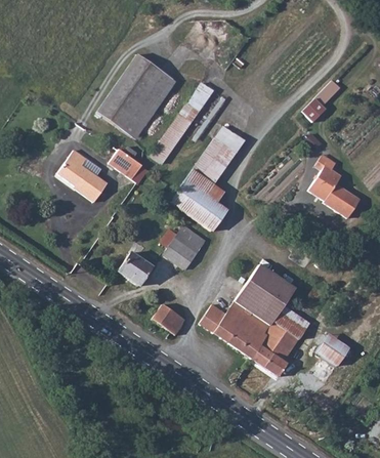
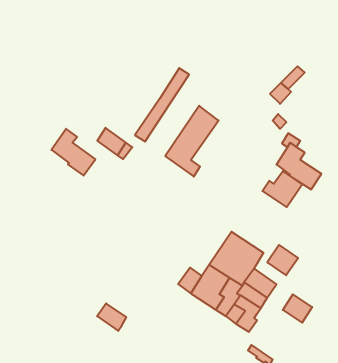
building: [97,54,173,137] -> none
building: [171,180,227,231] -> none
building: none -> [262,171,302,207]
building: [164,225,206,269] -> none
building: [118,252,152,286] -> none
building: none -> [267,245,298,275]
building: [153,304,185,335] -> [97,303,126,331]

